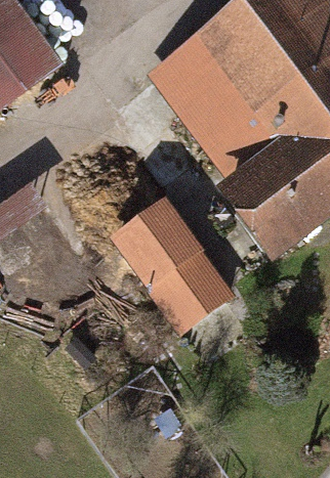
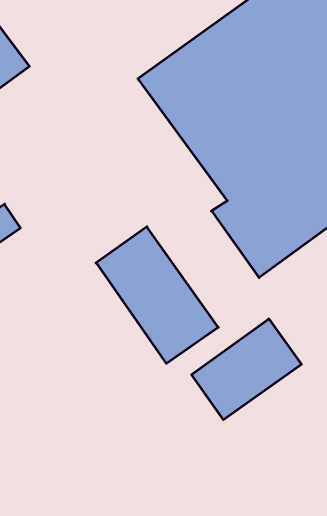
building: none -> [192,319,301,420]

